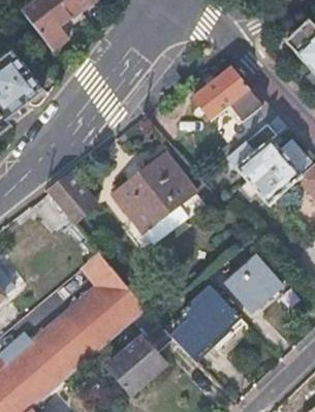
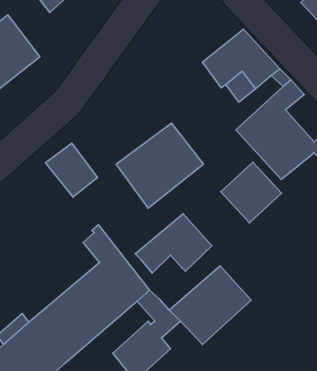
building: none -> [135,214,212,273]
building: [224,254,281,311] -> [221,162,282,223]

